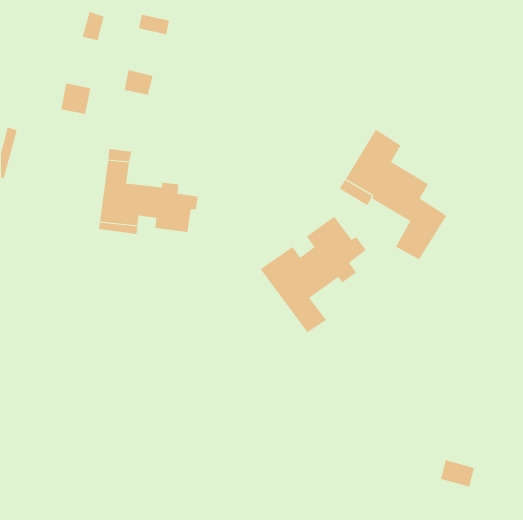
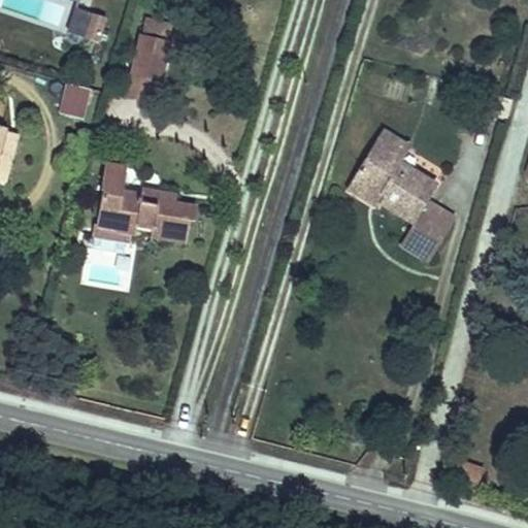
building: none -> [134,33,169,73]
building: [260,216,367,333] -> none

